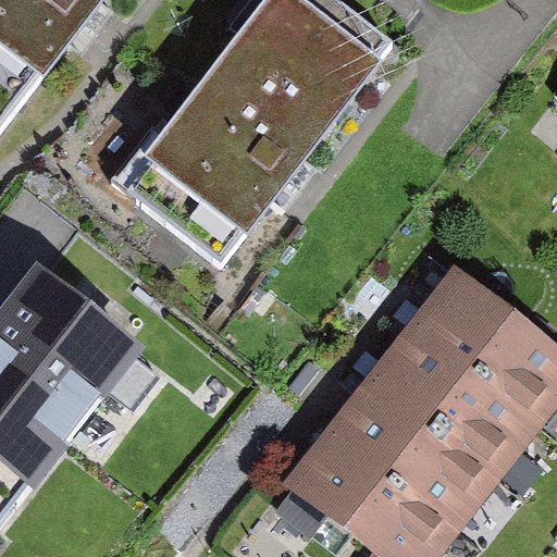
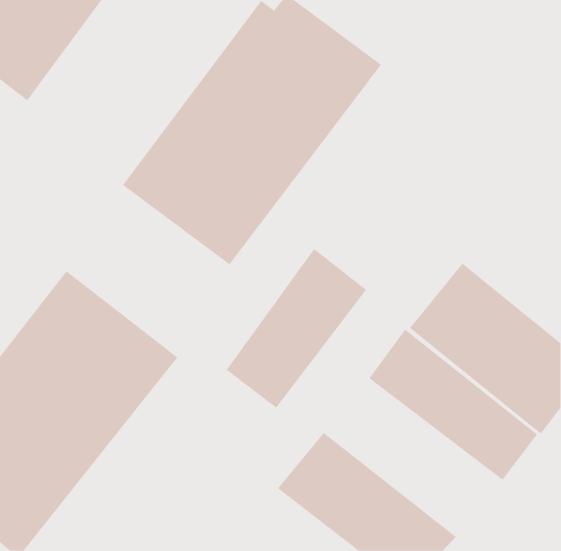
building: none -> [226,248,367,409]
building: [323,376,496,529] -> none

